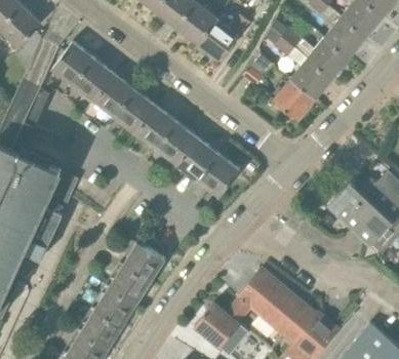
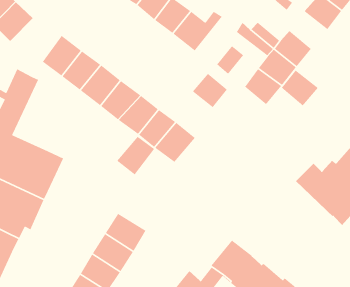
building: [324,16,366,57] -> [281,69,319,106]
building: none -> [192,73,228,108]
building: [197,156,240,200] -> [116,136,155,176]

